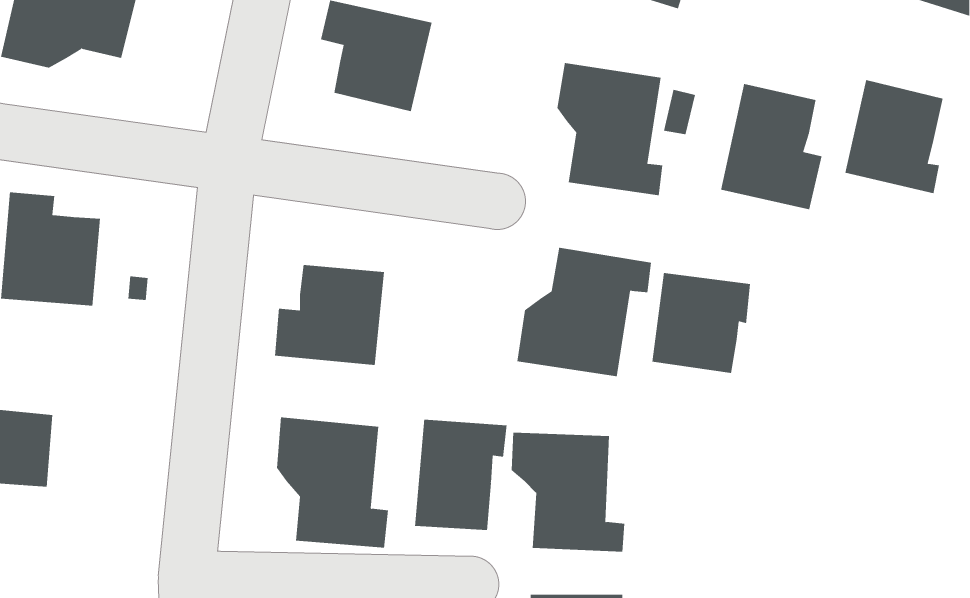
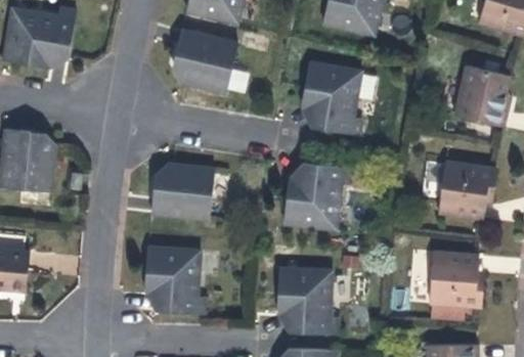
building: [720,83,822,210] -> none
building: [652,272,751,373] -> [439,167,492,221]
building: [415,419,507,531] -> none
building: none -> [430,254,482,311]

